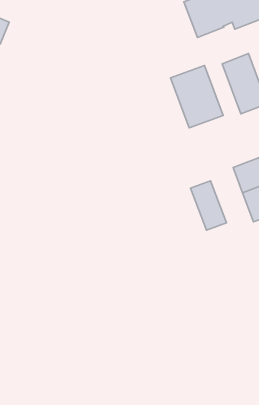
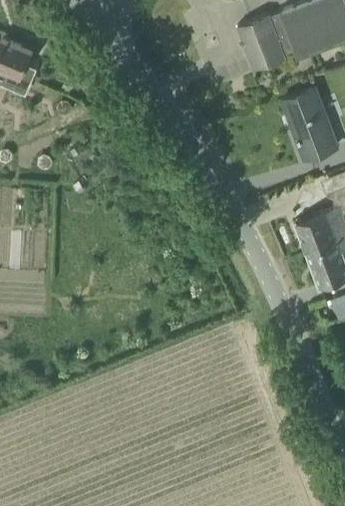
building: [170,65,223,128] -> none
building: [190,181,227,230] -> none

